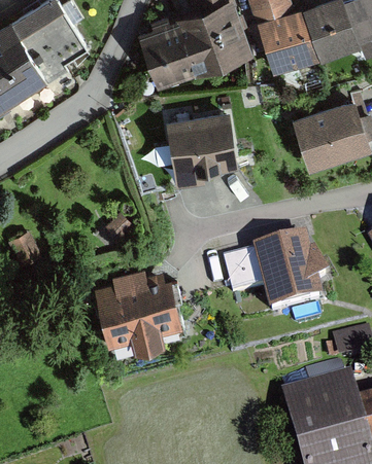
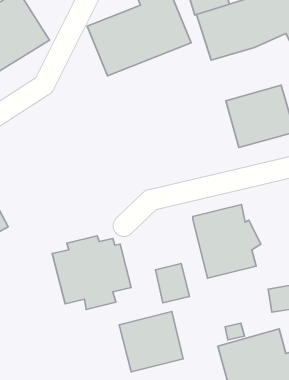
building: [164,115,233,176] -> none
building: [225,252,263,296] -> [156,263,190,303]
building: none -> [119,312,183,372]

